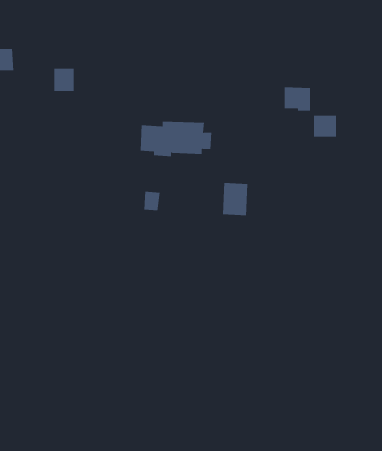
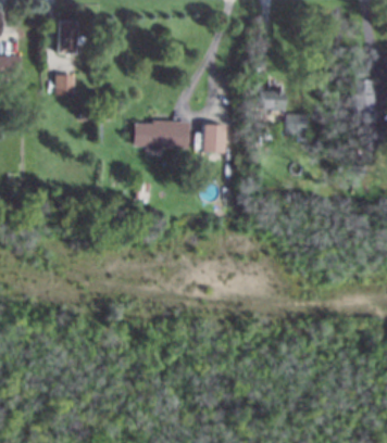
building: none -> [58,21,86,54]
building: [222,183,248,216] -> [202,124,225,153]

